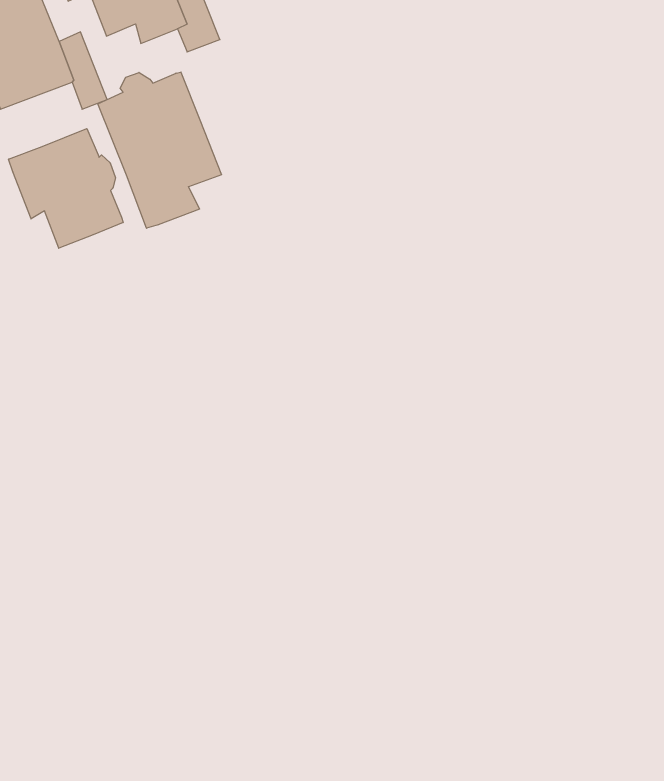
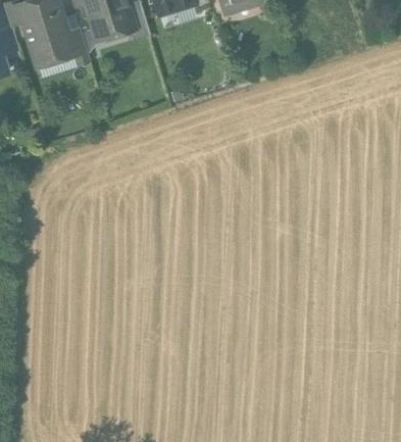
building: [98,72,222,228] -> none
building: [9,129,123,248] -> none

